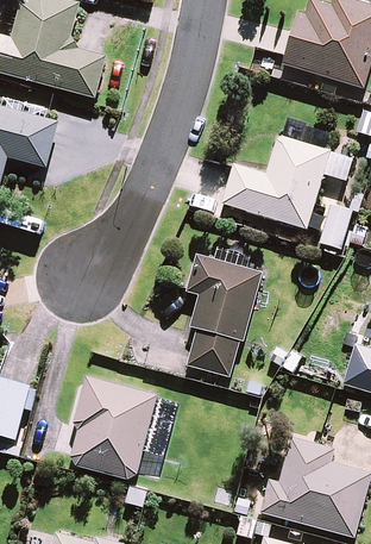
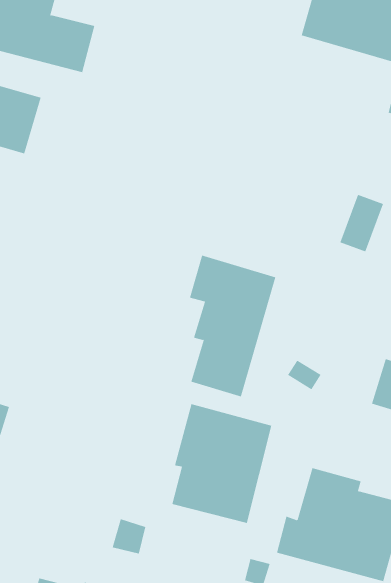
building: [221,136,351,229] -> none
building: [69,376,156,480] -> [171,403,272,523]

